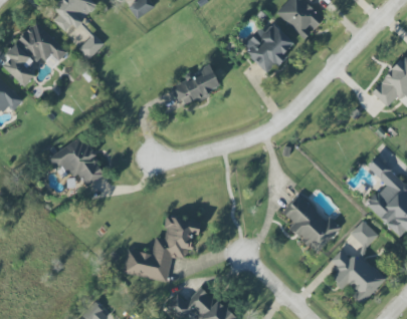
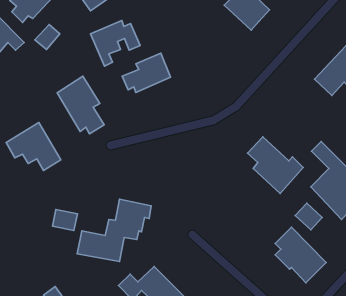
building: [245,20,293,75] -> none
building: none -> [91,21,140,66]
building: none -> [57,76,104,134]
building: [282,195,341,254] -> [247,137,303,193]
building: none -> [52,209,77,231]

